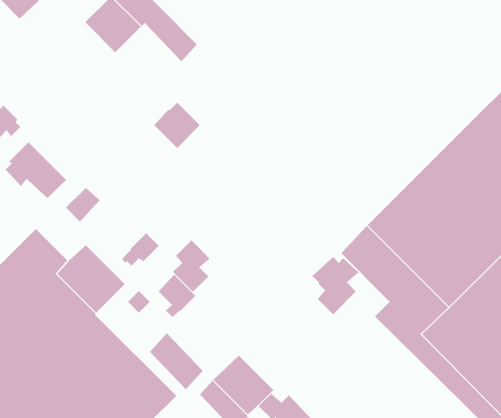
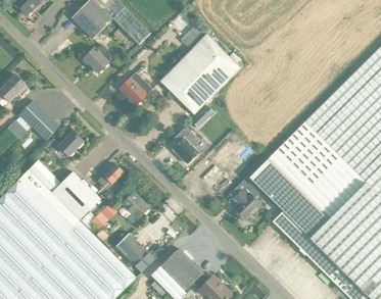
building: none -> [160,34,240,114]
building: none -> [85,44,109,73]
building: [172,240,210,293] -> [173,127,199,163]

